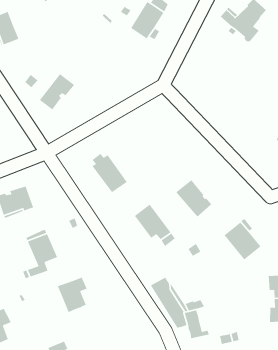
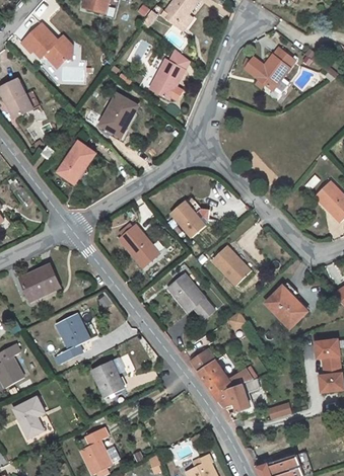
building: none -> [99,94,135,137]
building: none -> [169,197,208,237]

